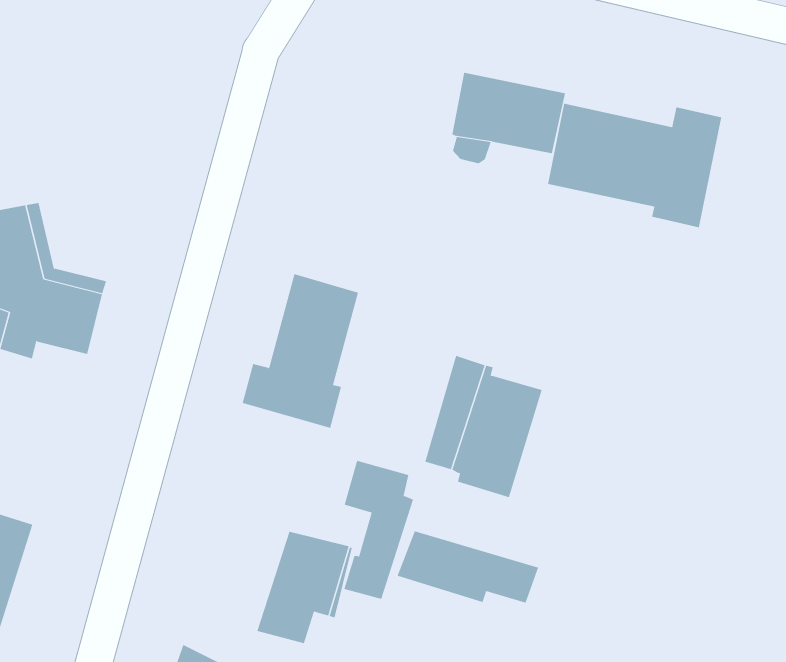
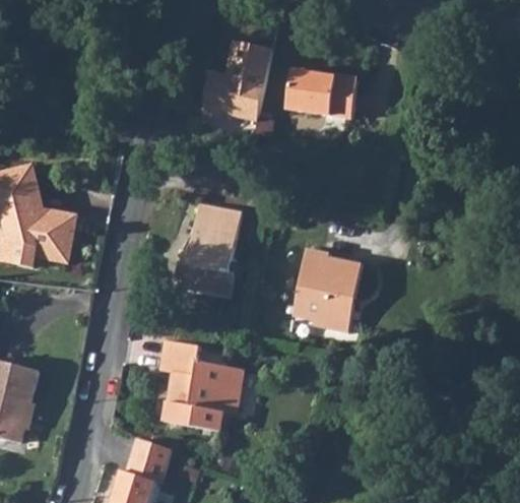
building: none -> [201,41,273,122]
building: [547,103,722,228] -> none
building: [344,460,414,600] -> [158,340,202,427]
building: [397,531,539,604] -> none

